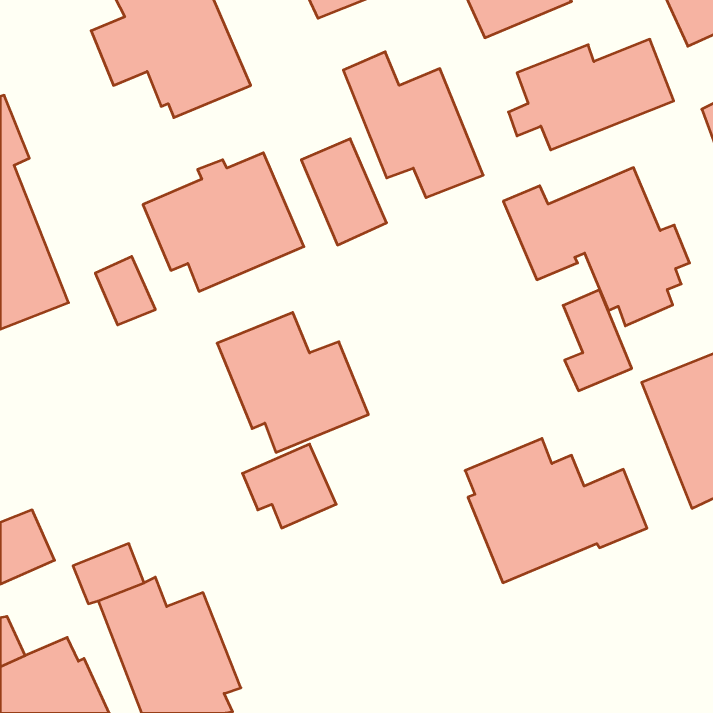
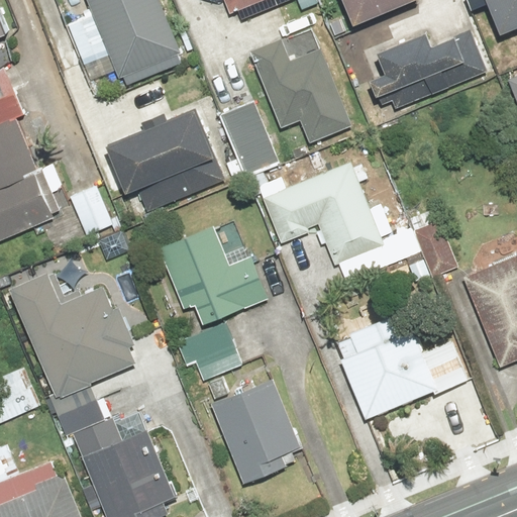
building: [503,168,690,326] -> [257,163,392,277]
building: none -> [7,268,134,398]
building: none -> [207,375,303,484]

